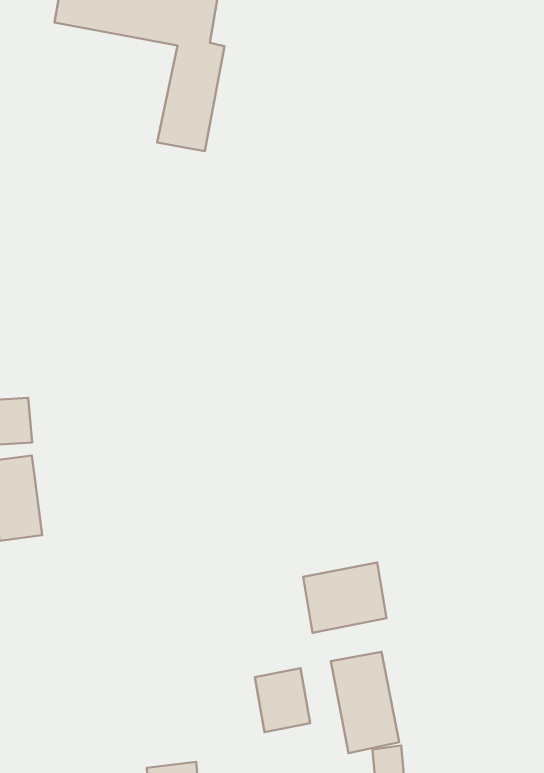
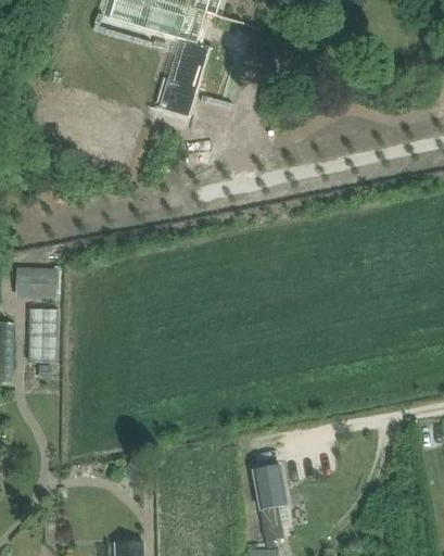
building: [303,563,387,633] -> none
building: [255,668,310,732] -> none

